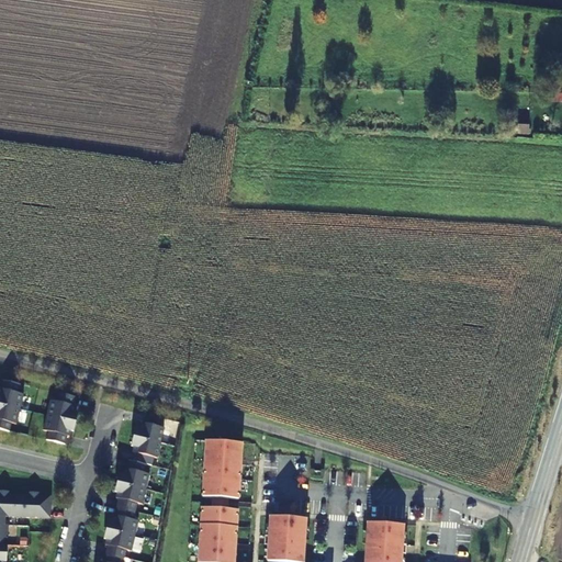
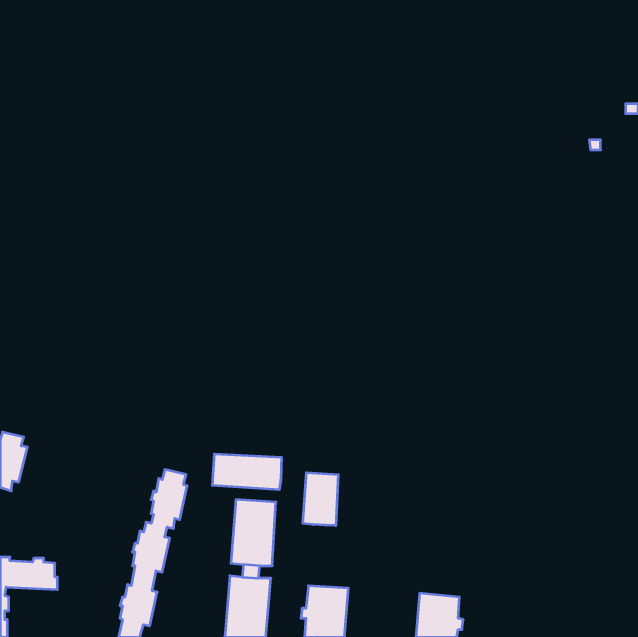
building: [44,393,77,443] -> none
building: none -> [212,454,281,490]
building: none -> [303,473,338,526]

